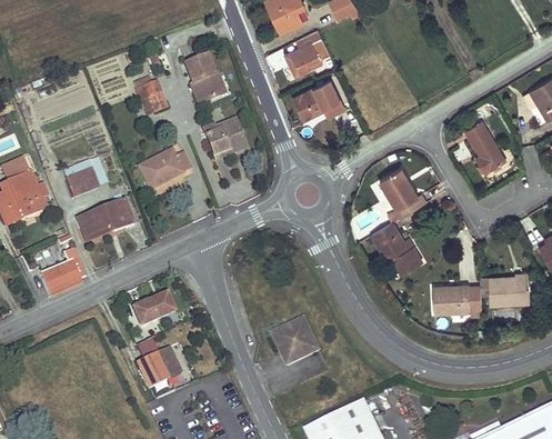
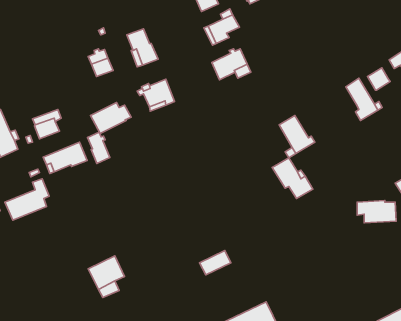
building: none -> [367,68,390,90]
building: none -> [88,132,110,164]
building: [433,282,483,315] -> none
building: [134,291,175,323] -> none
building: [271,320,311,353] -> none

